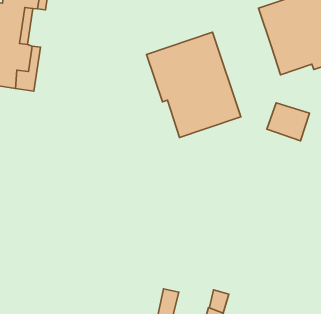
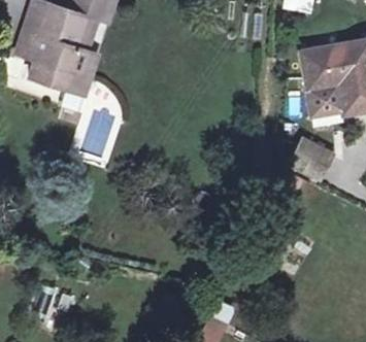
building: [146,32,241,137] -> none

